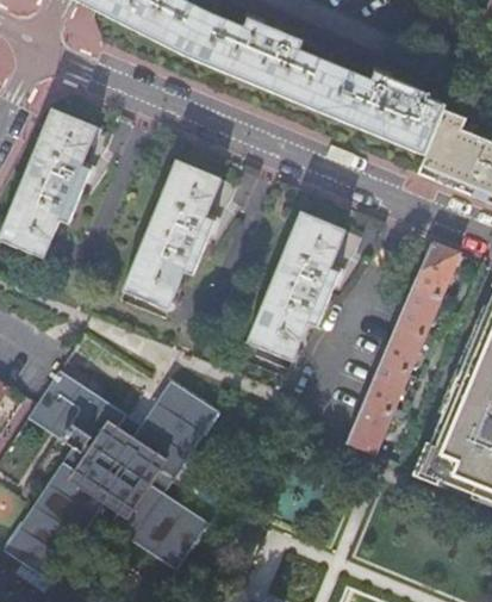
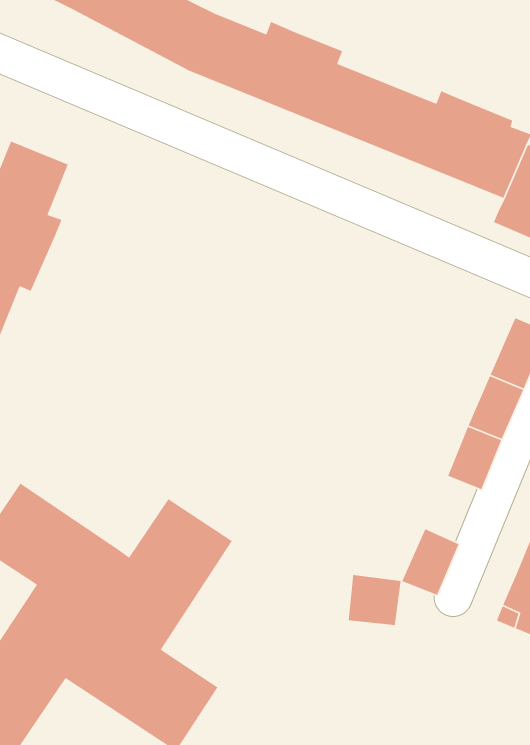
building: [123,161,220,310] -> none
building: [248,212,345,361] -> none
building: [365,364,407,415] -> none
building: none -> [348,574,401,626]

